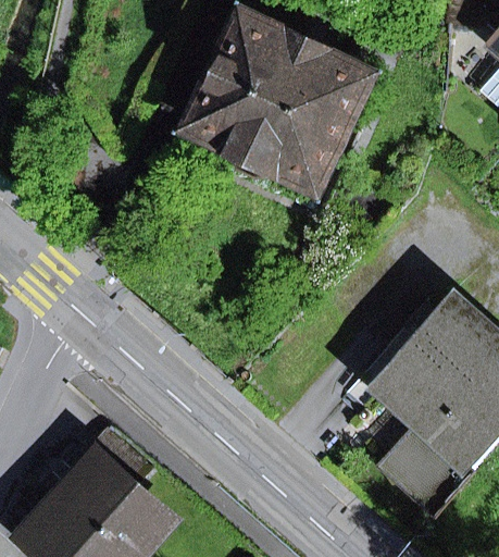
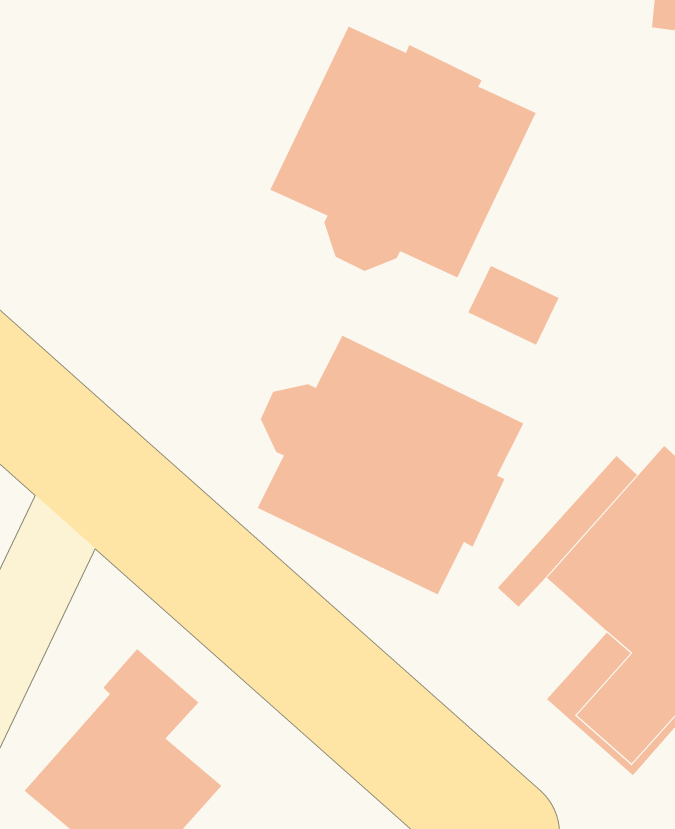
building: none -> [257,335,524,595]

